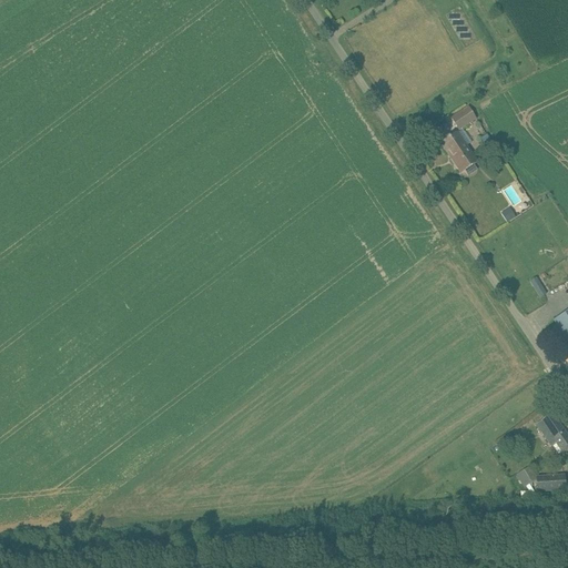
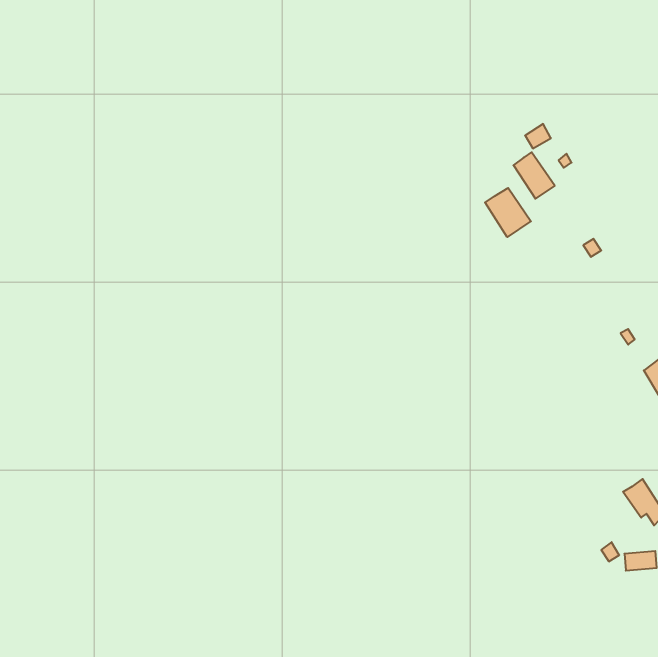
building: none -> [485,188,531,237]

